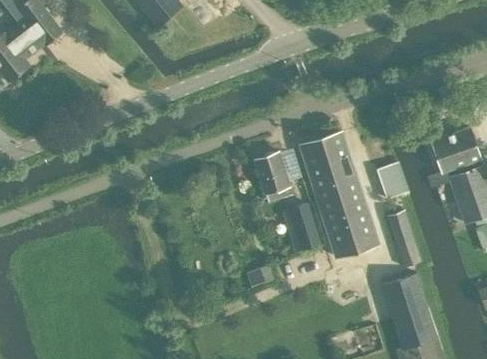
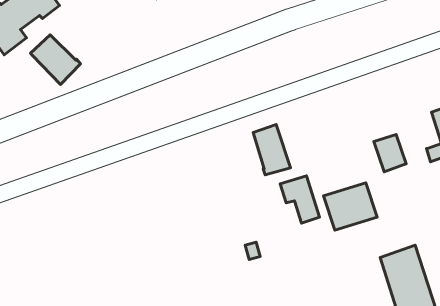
building: none -> [30,35,81,84]
building: [301,131,367,222] -> none
building: [387,209,421,266] -> none

